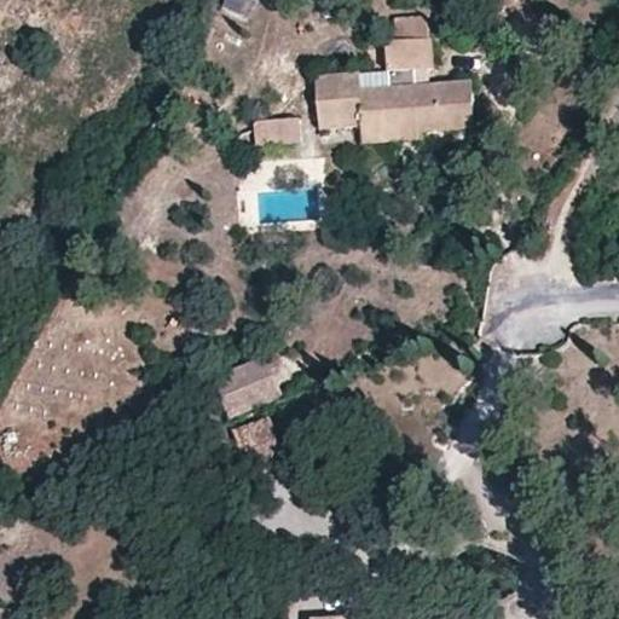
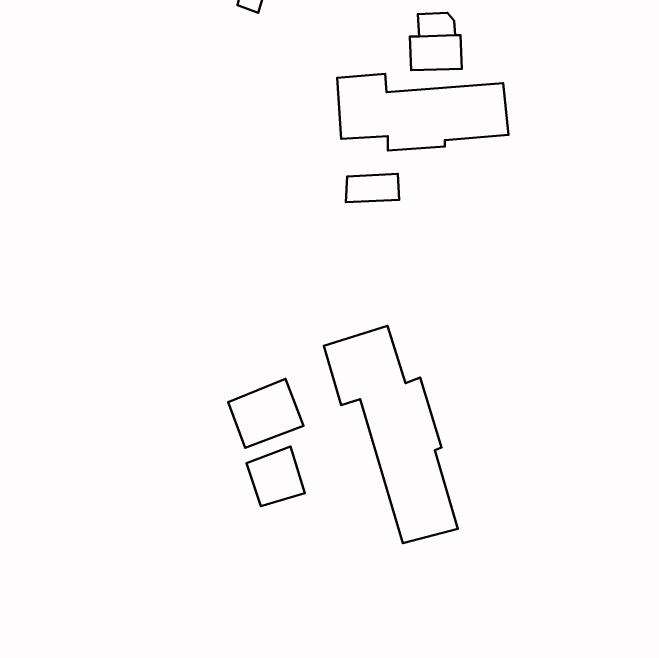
building: [250,117,300,144] -> [346,174,399,202]
building: none -> [324,326,458,543]

